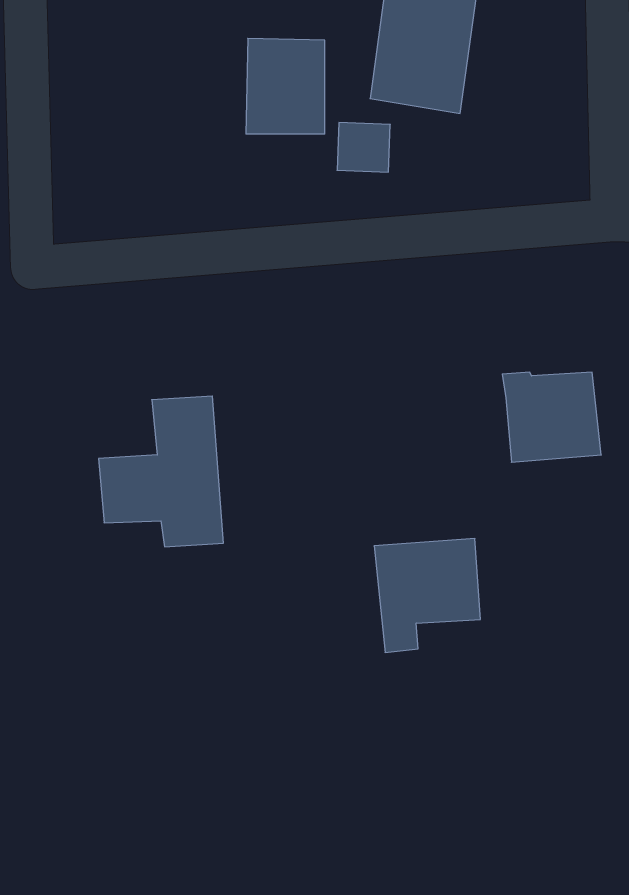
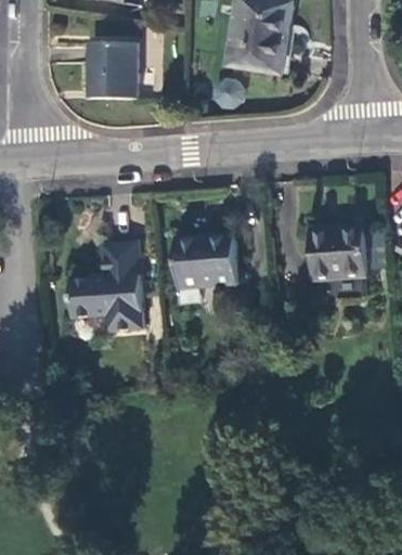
building: [246,38,325,134] -> [88,42,134,99]
building: [374,539,480,652] -> [176,234,238,301]

